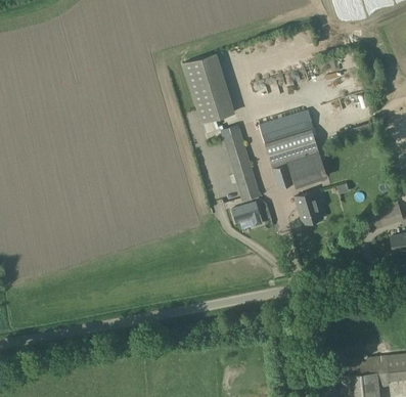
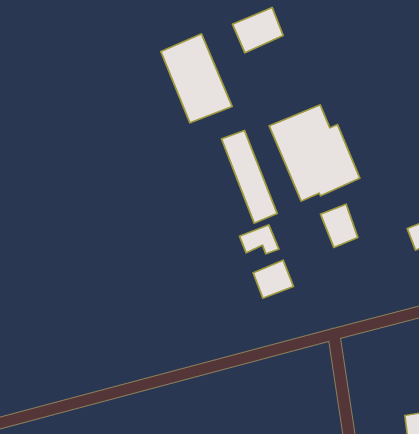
building: none -> [233,8,283,53]
building: none -> [253,260,294,298]

